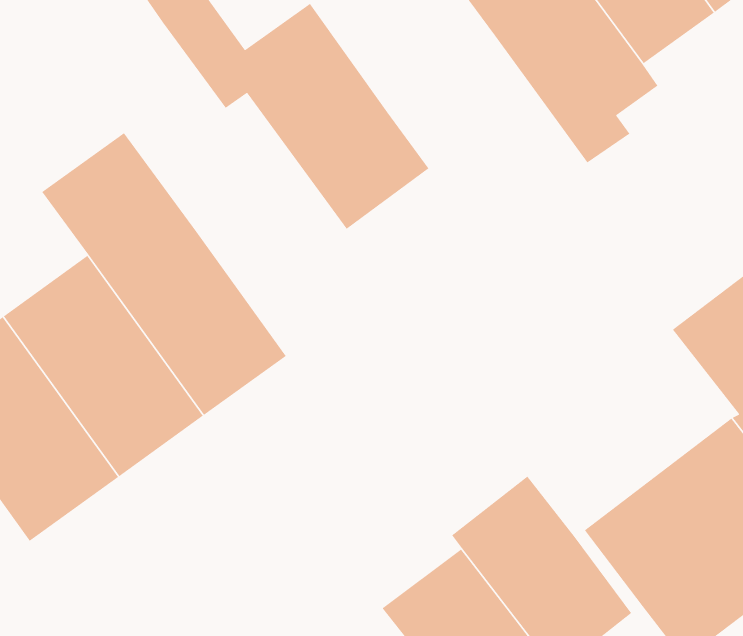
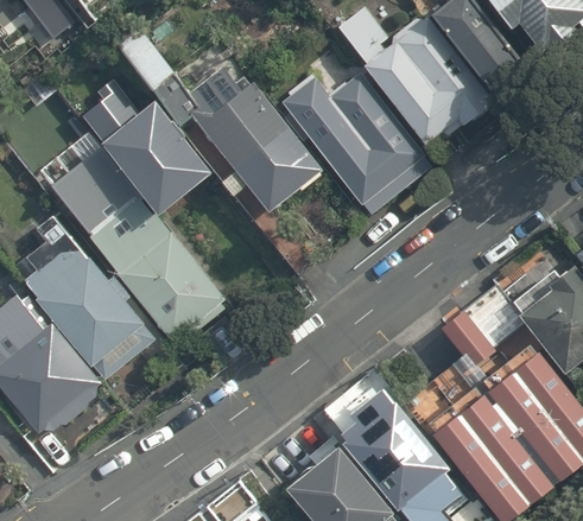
building: none -> [77,66,211,216]
building: none -> [293,76,436,223]
building: none -> [436,301,499,368]

